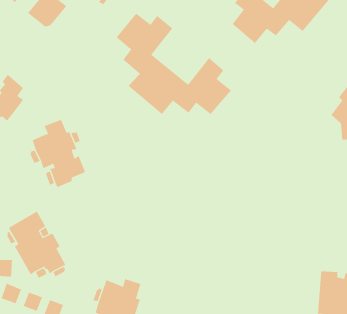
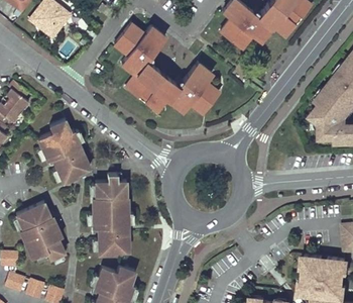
building: none -> [94,175,131,251]

